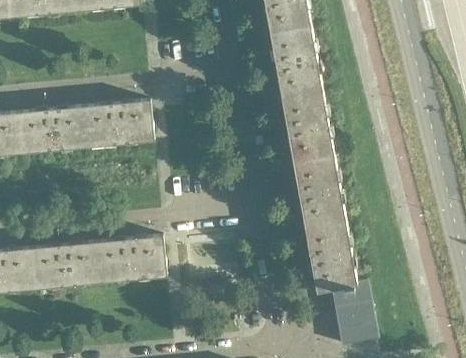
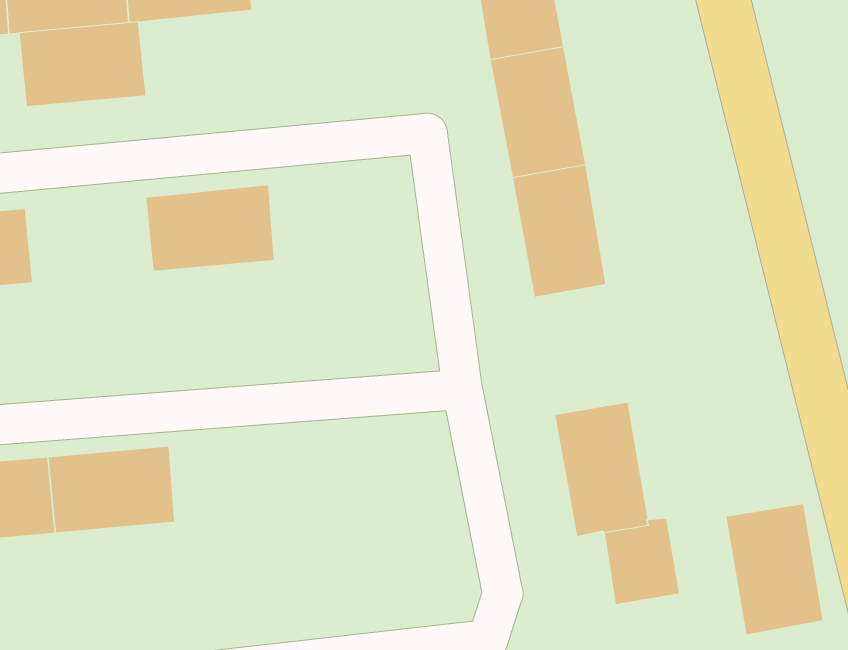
building: [18,108,87,154] -> [19,22,146,107]
building: [294,155,345,226] -> none
building: [96,237,166,284] -> none
building: none -> [726,504,823,635]
building: [338,323,376,346] -> none

